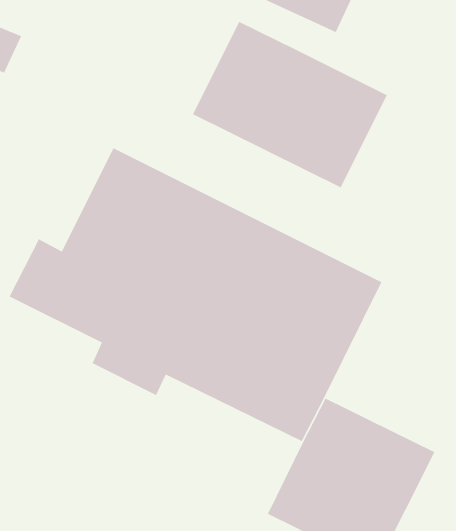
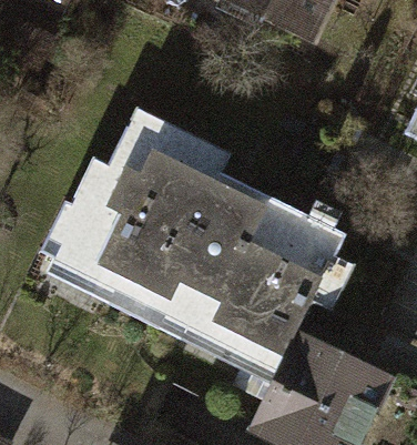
building: [192,21,388,188] -> none

